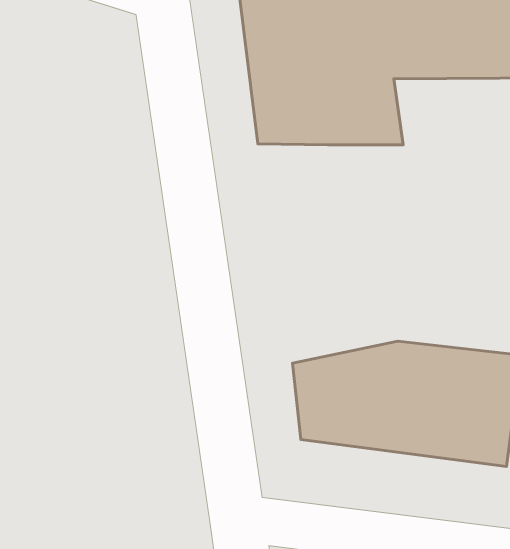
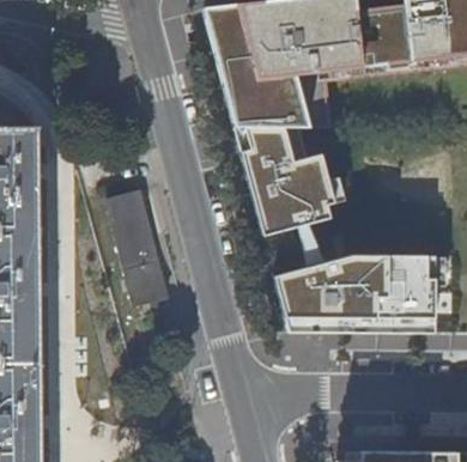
building: none -> [236,123,348,235]
building: none -> [111,193,175,308]

